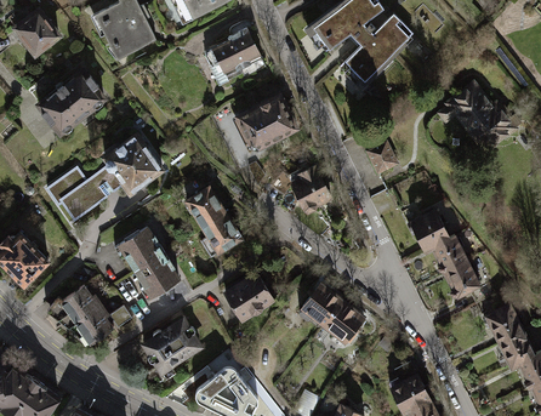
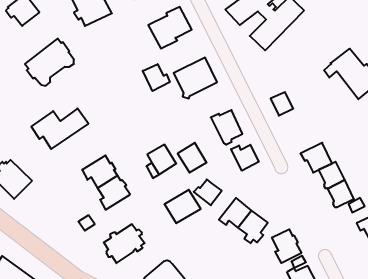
building: none -> [143,64,170,91]
building: [104,135,163,193] -> none
building: [187,186,226,226] -> [178,143,207,173]
building: none -> [231,145,259,171]
building: none -> [194,179,222,205]
building: [47,285,114,344] -> none
building: none -> [272,229,301,263]

